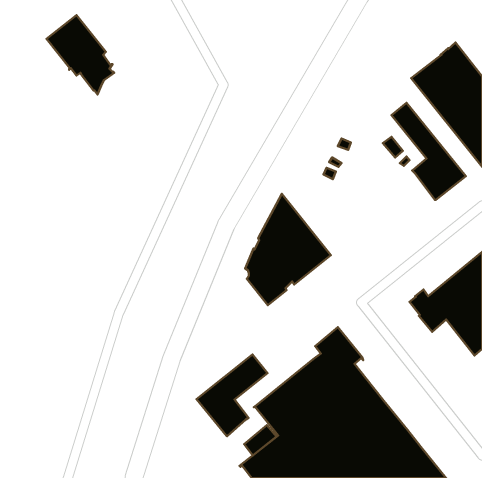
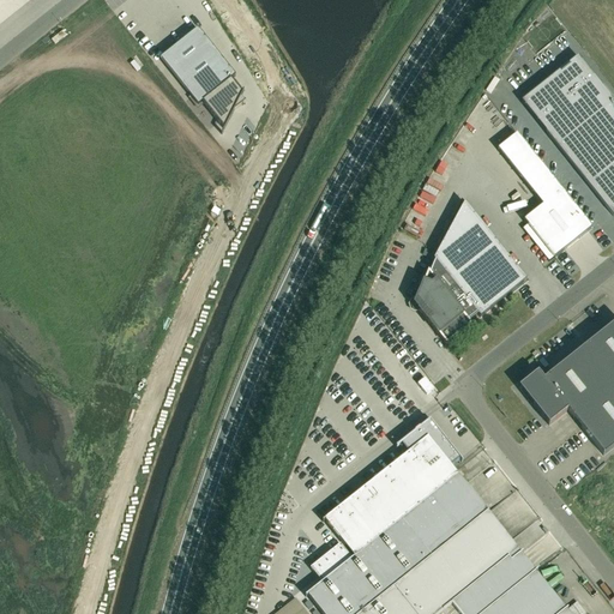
building: [46,15,114,94] -> [159,25,246,126]
building: [245,194,331,305] -> [417,199,526,341]
building: [196,354,267,436] -> none

